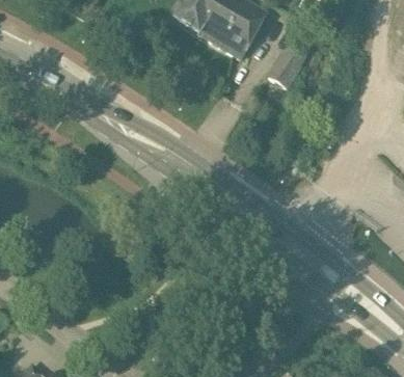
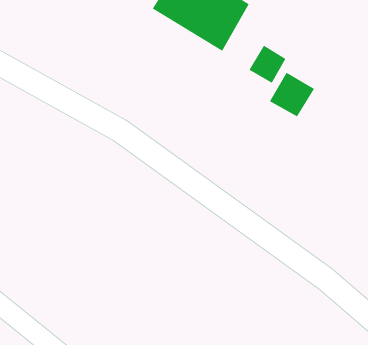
building: none -> [269,72,315,117]

